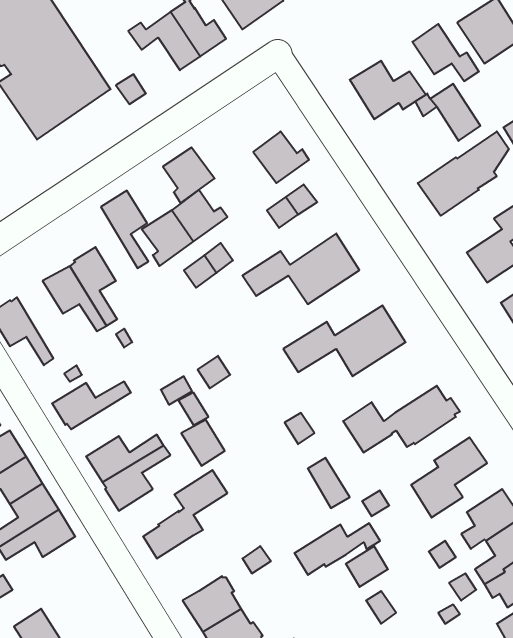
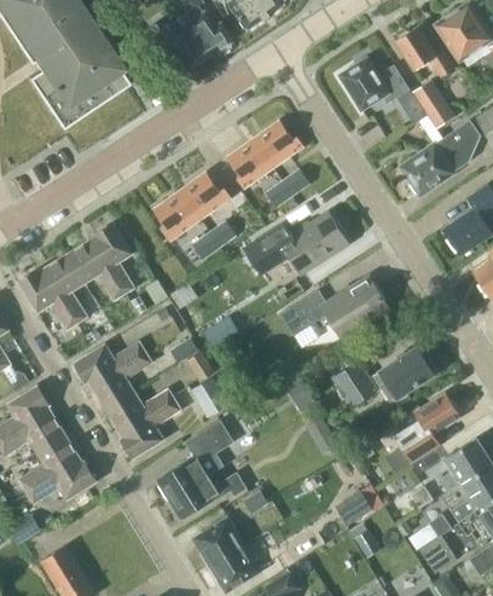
building: [163,147,215,203] -> [228,139,274,189]
building: [101,191,148,268] -> [44,254,86,323]
building: none -> [92,353,151,410]
building: [294,523,380,575] -> [168,474,244,520]

